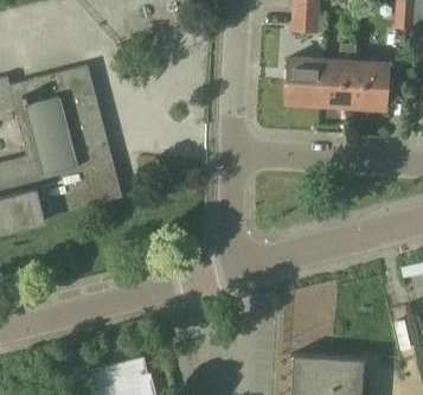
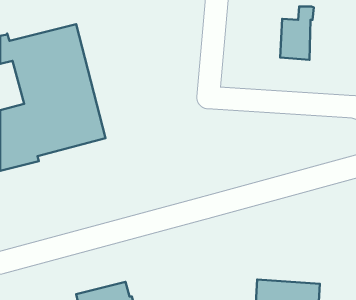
building: [287,56,321,102] -> none
building: [352,59,385,106] -> none

